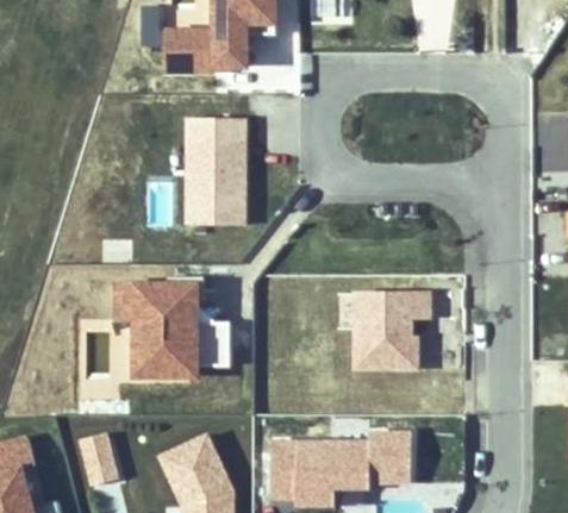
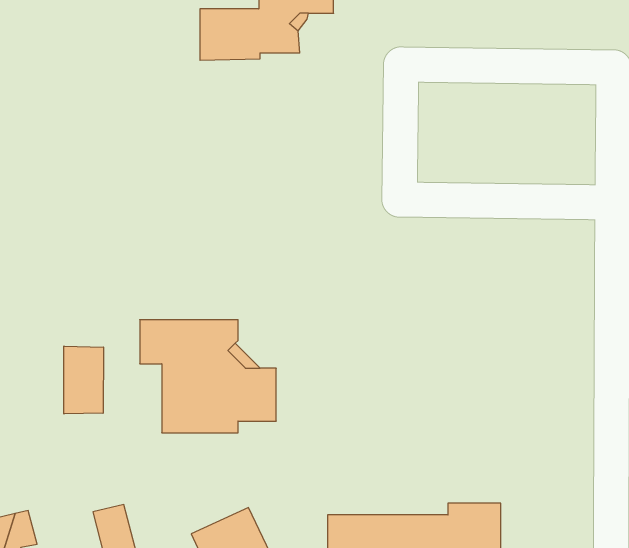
building: [187,118,244,225] -> none
building: [355,293,427,368] -> none
building: none -> [64,346,103,414]

